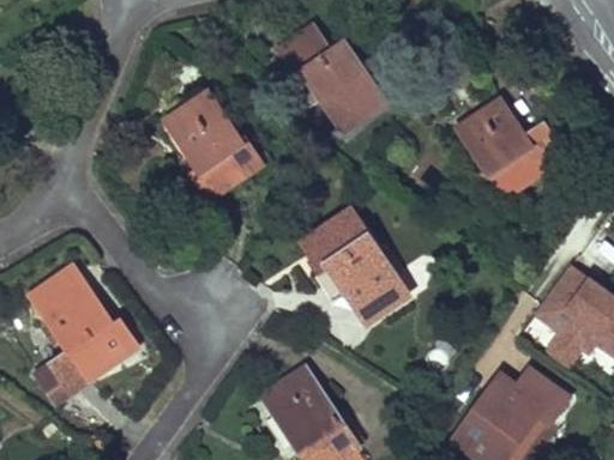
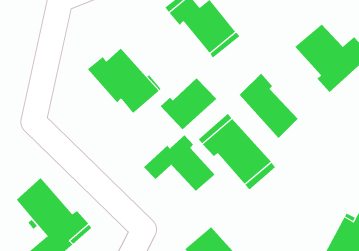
building: none -> [160,77,217,130]
building: none -> [239,73,299,139]
building: none -> [143,134,216,192]

